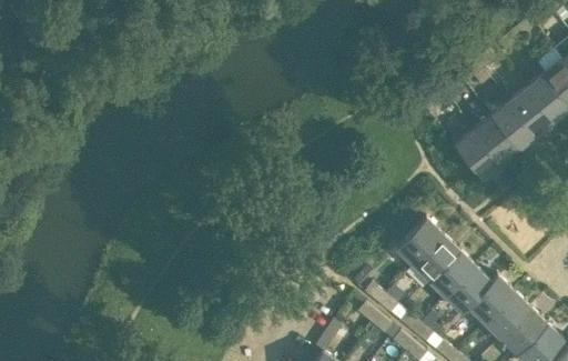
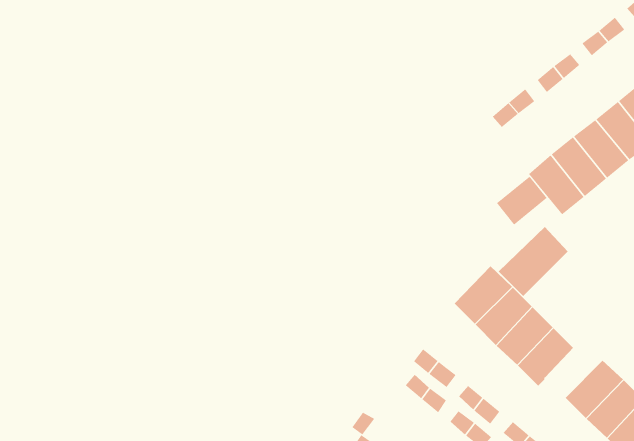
building: none -> [496,176,547,225]
building: none -> [498,226,568,297]
building: [468,275,514,322] -> none

